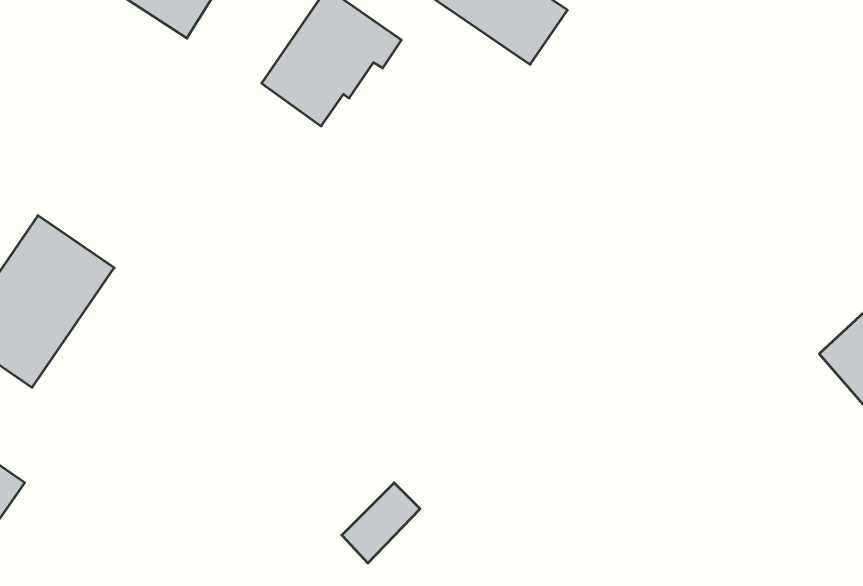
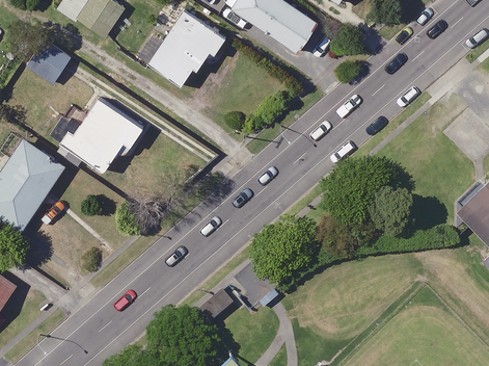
building: none -> [28,42,71,84]
building: none -> [53,98,143,173]

